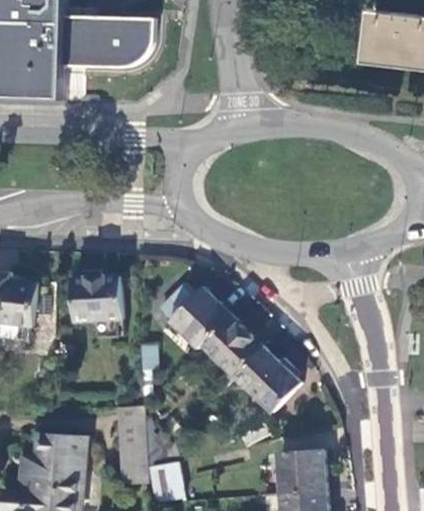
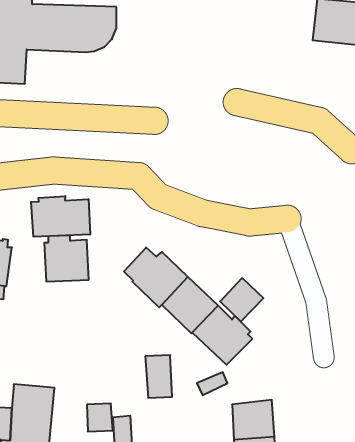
building: none -> [31,196,90,237]
building: none -> [220,278,263,322]
building: [117,408,147,454] -> [145,355,172,398]

